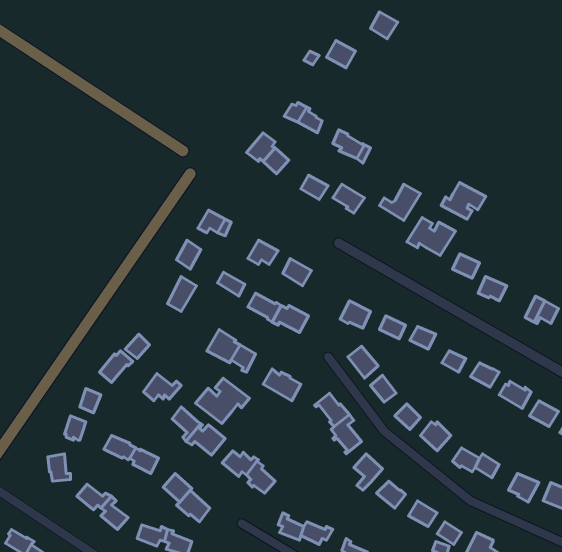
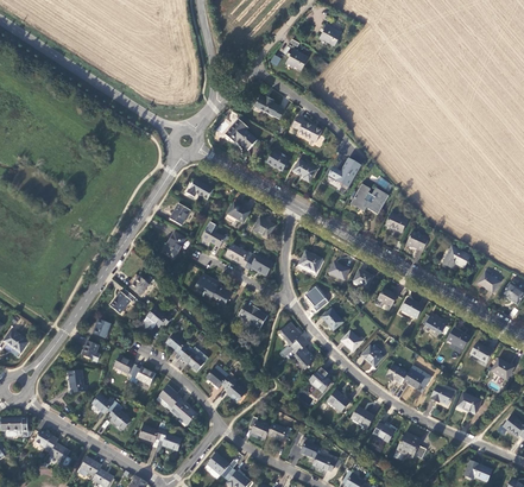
building: [441,183,486,219] -> none
building: [195,378,250,423] -> none

